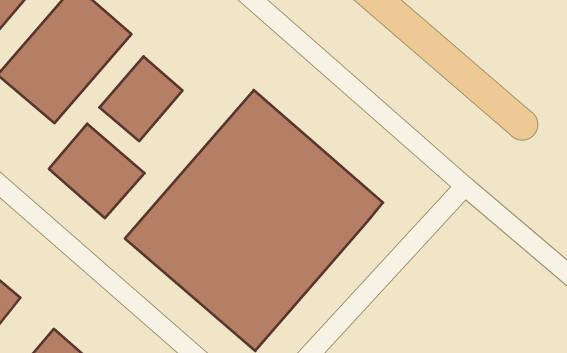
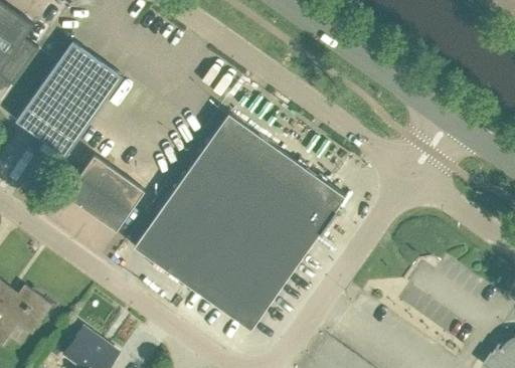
building: [99,56,182,141] -> none

